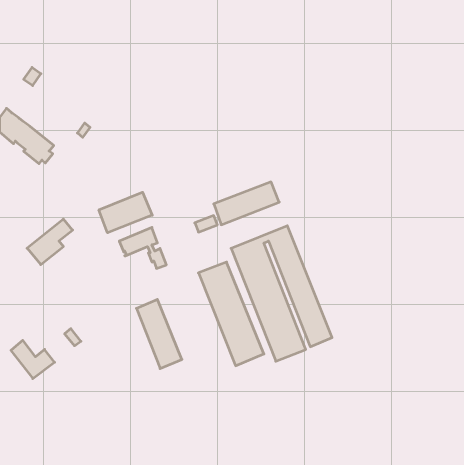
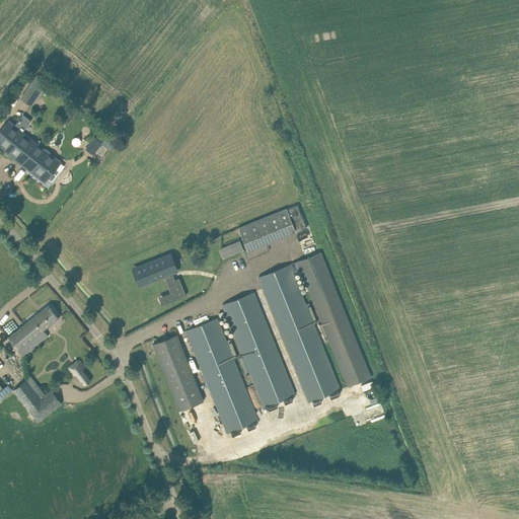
building: [99,192,152,233] -> none
building: [27,219,73,265] -> [7,305,58,356]
building: none -> [184,317,257,433]

